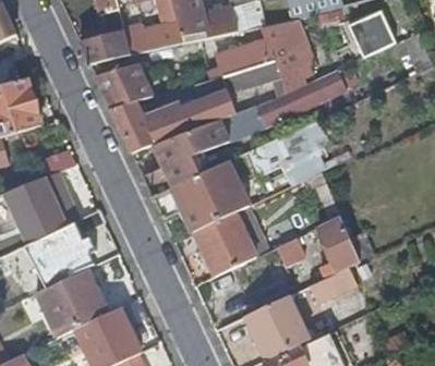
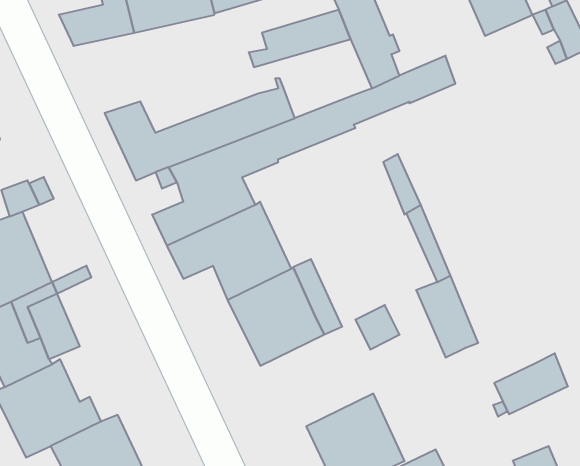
building: [209,60,288,97] -> none
building: [95,62,157,109] -> none
building: [310,265,359,305] -> [494,353,568,414]

